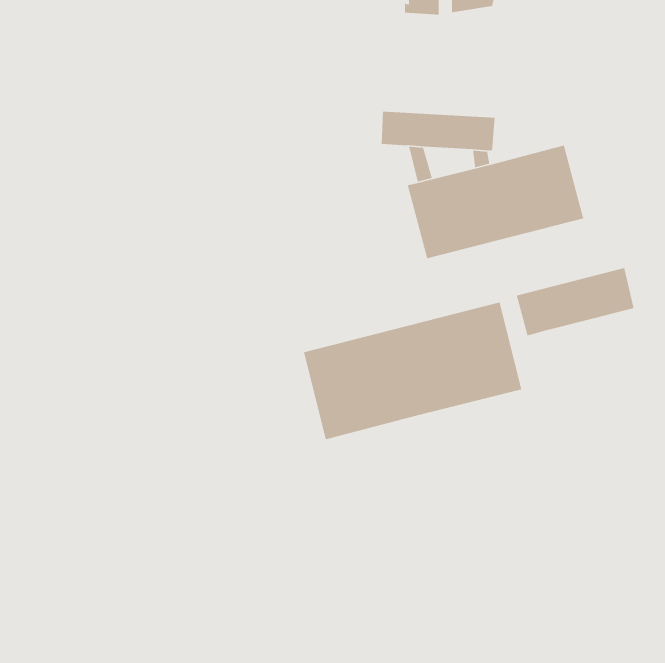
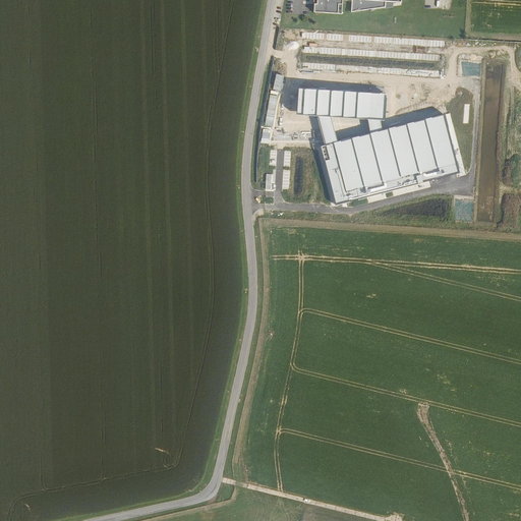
building: [516,267,635,336] -> none
building: [303,301,522,440] -> none

